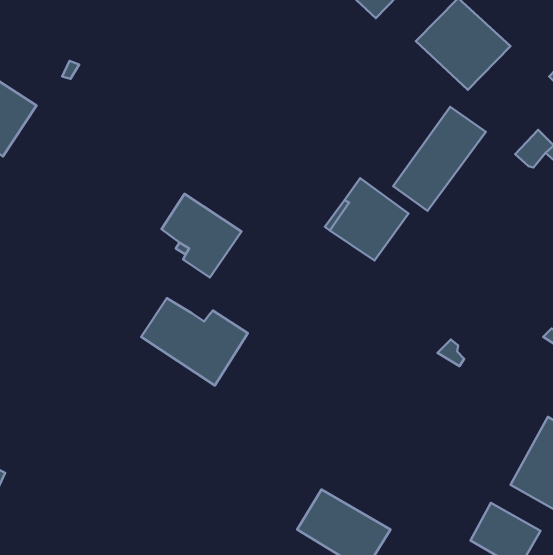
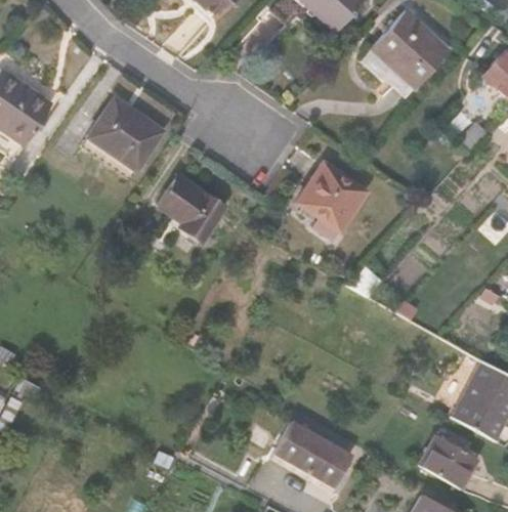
building: none -> [84,91,162,167]
building: [393,107,486,211] -> none
building: [141,298,248,386] -> none

